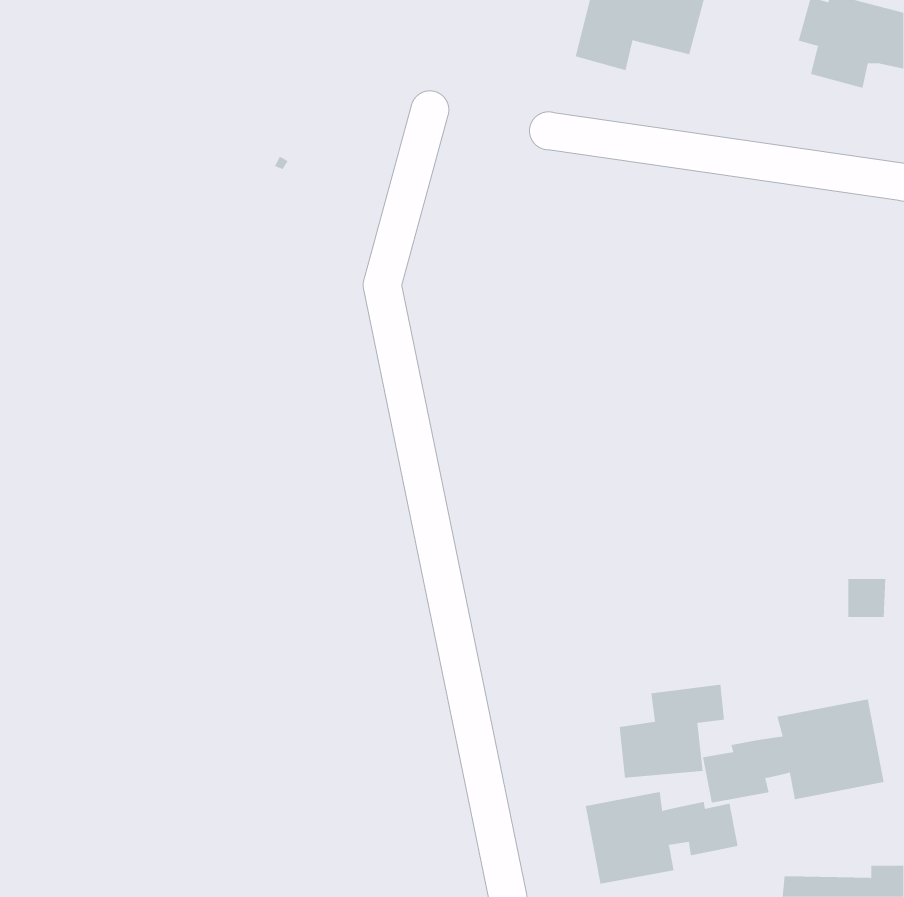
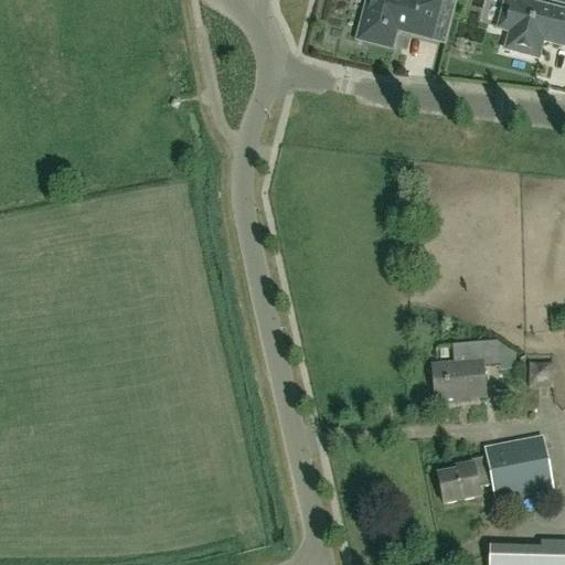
building: [619,684,725,778] -> [433,340,499,398]
building: [585,791,738,885] -> none

